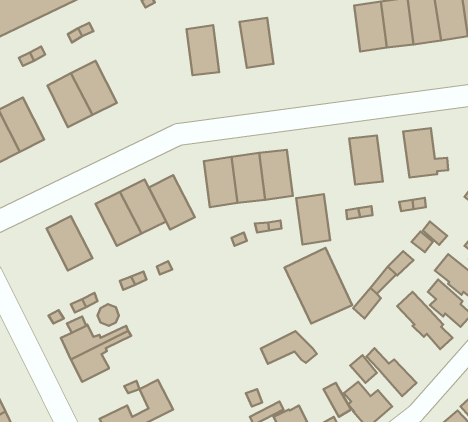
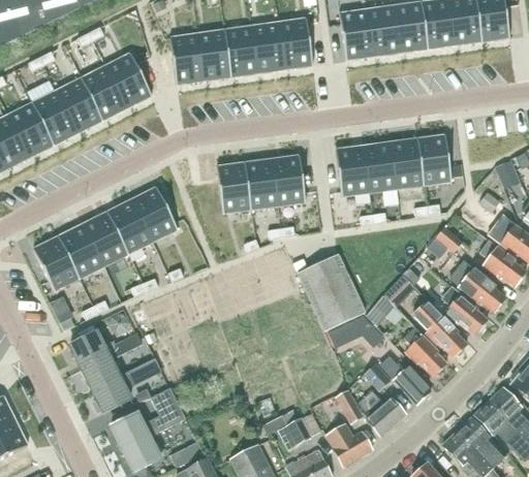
building: none -> [340,9,374,60]
building: none -> [280,18,314,68]
building: none -> [225,26,259,76]
building: none -> [170,33,205,84]
building: none -> [106,53,153,107]
building: none -> [33,90,79,145]
building: none -> [391,136,424,187]
building: [149,175,195,229] -> [82,210,128,264]
building: [296,194,330,244] -> [335,144,369,194]
building: none -> [32,234,79,289]
building: none -> [404,326,446,376]
building: [261,331,317,364] -> [328,314,384,347]
building: none -> [92,357,161,411]

